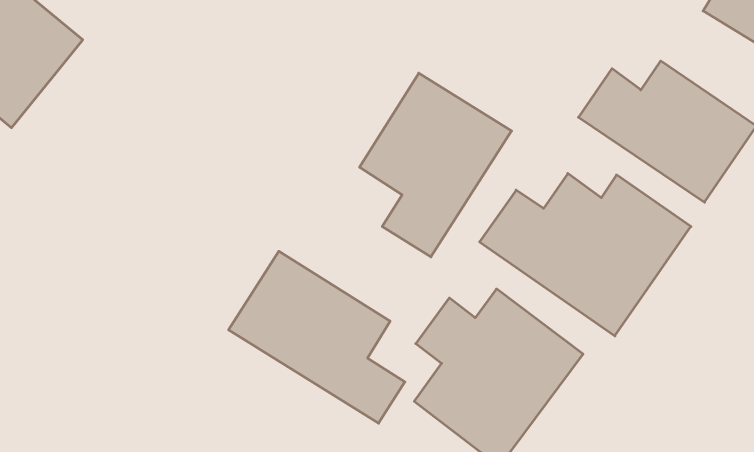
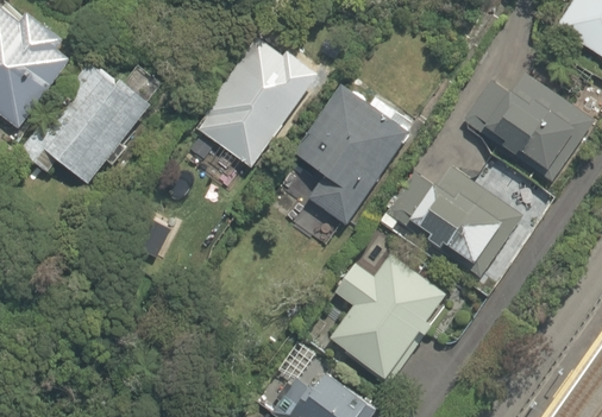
building: none -> [192,31,324,169]
building: none -> [19,57,155,188]
building: [229,251,405,423] -> none

